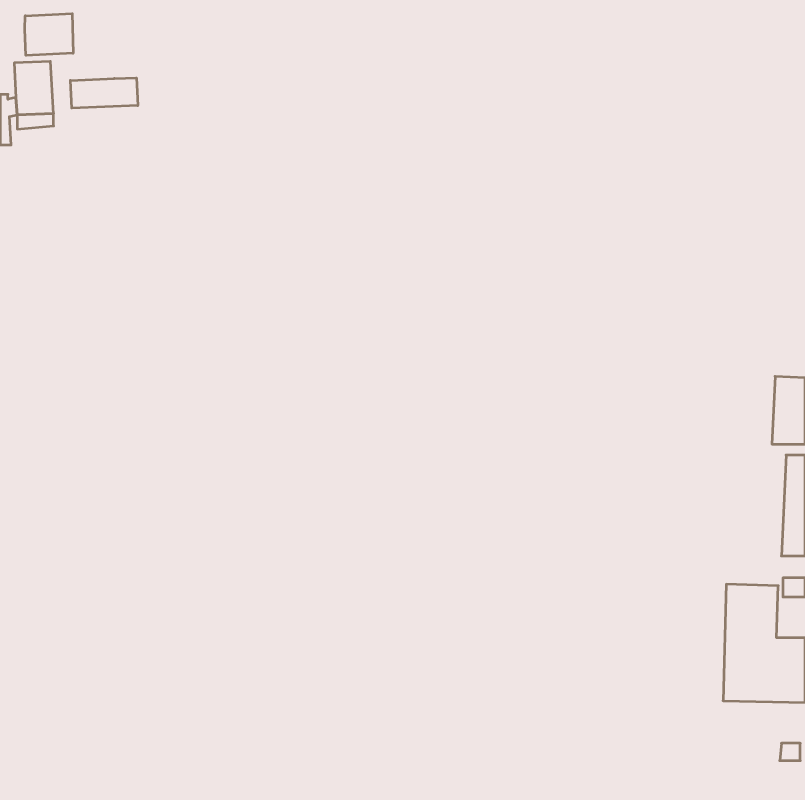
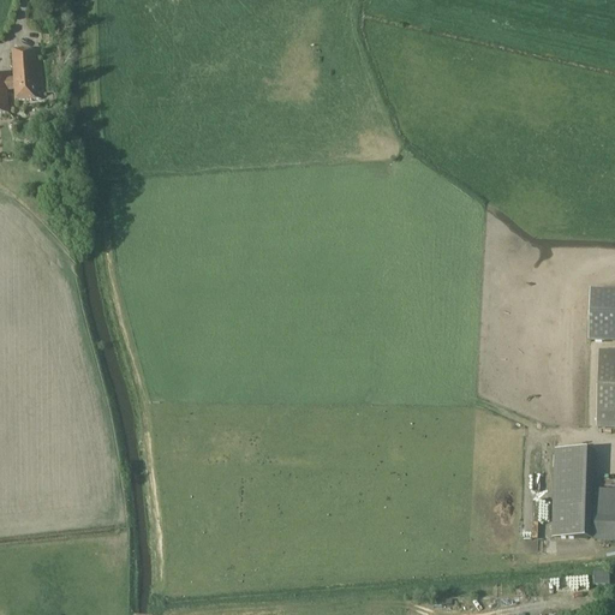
building: [25,14,73,55] -> none
building: [70,78,138,108] -> none

